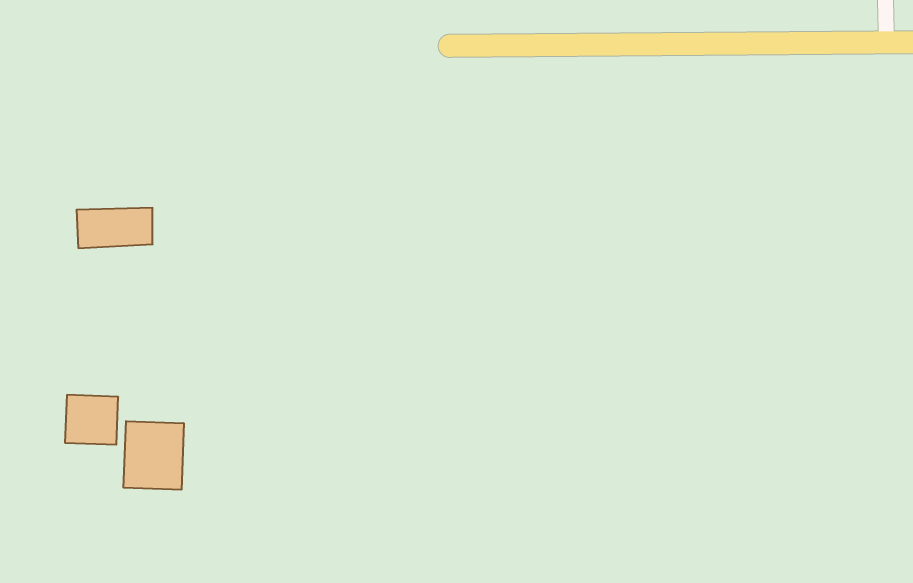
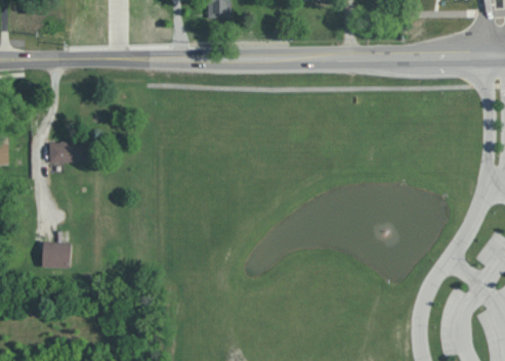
building: [124,421,184,490] -> none

